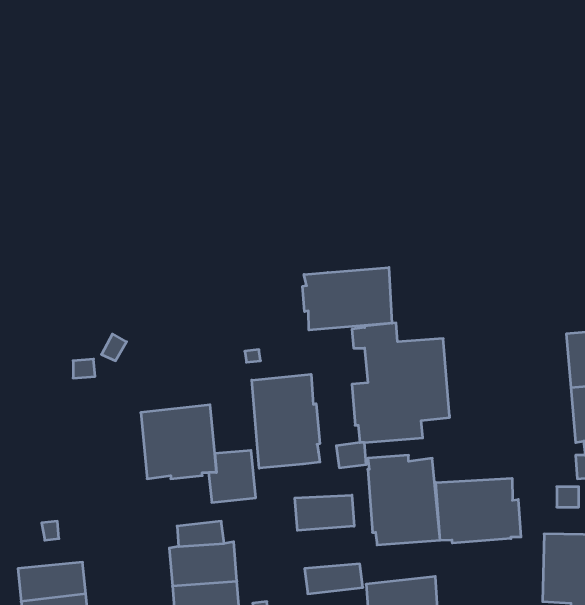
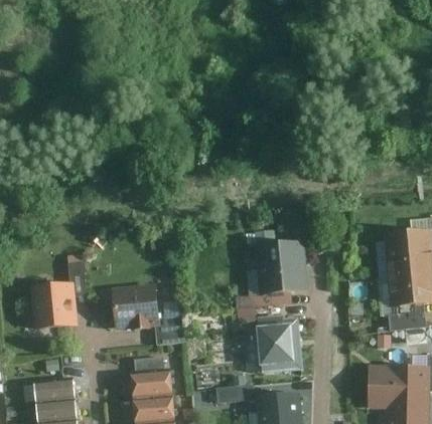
building: [303,267,392,330] -> none
building: [252,374,320,468] -> none
building: none -> [29,281,77,330]
building: [436,478,521,543] -> none
building: [295,495,354,530] -> none

